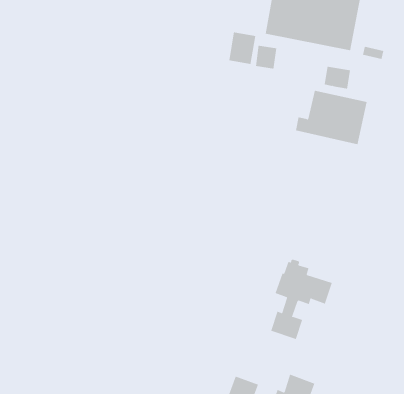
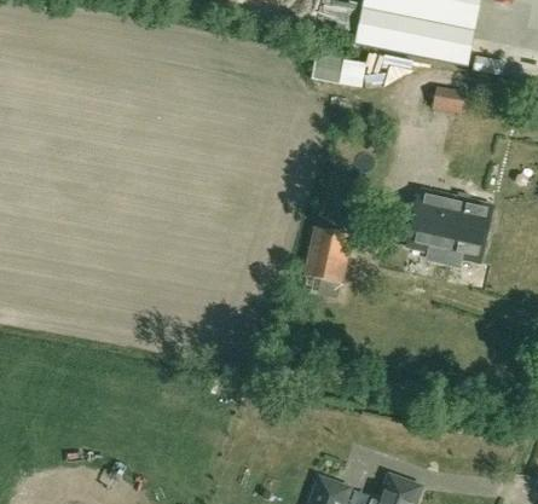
building: [295,90,368,145] -> [398,191,490,260]
building: none -> [306,227,349,295]
building: [270,259,332,340] -> none

